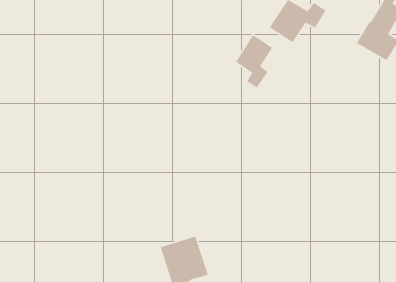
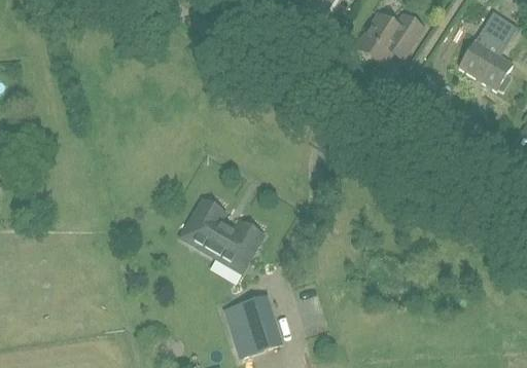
building: [235,34,273,89] -> none
building: none -> [184,198,261,266]

